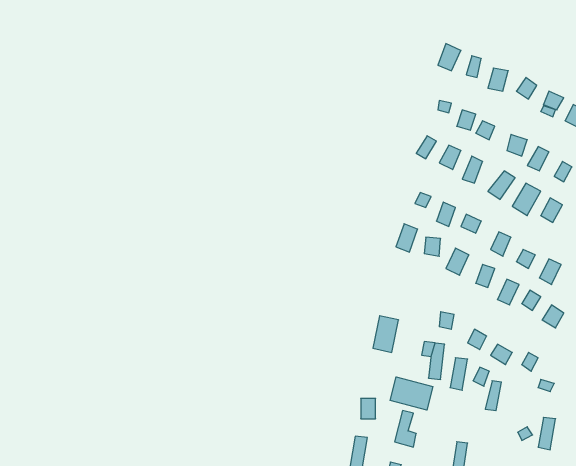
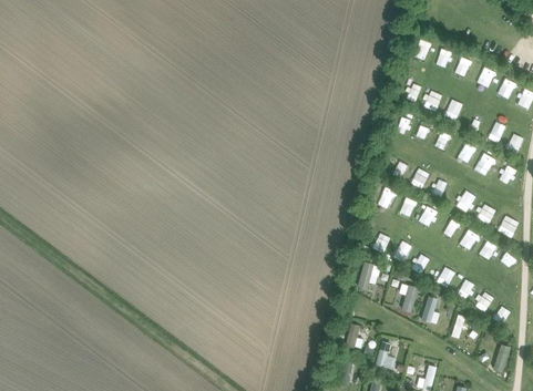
building: [390,377,433,410] -> none

